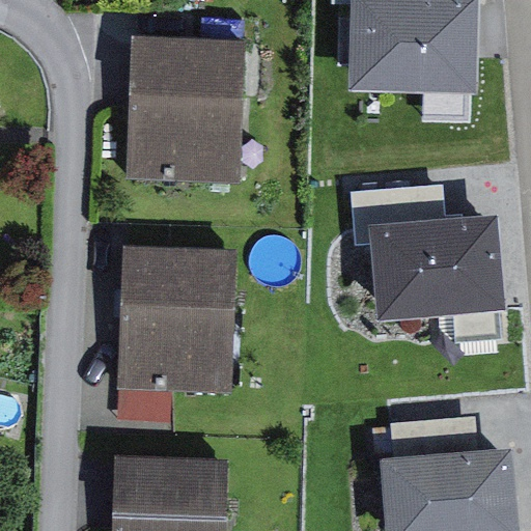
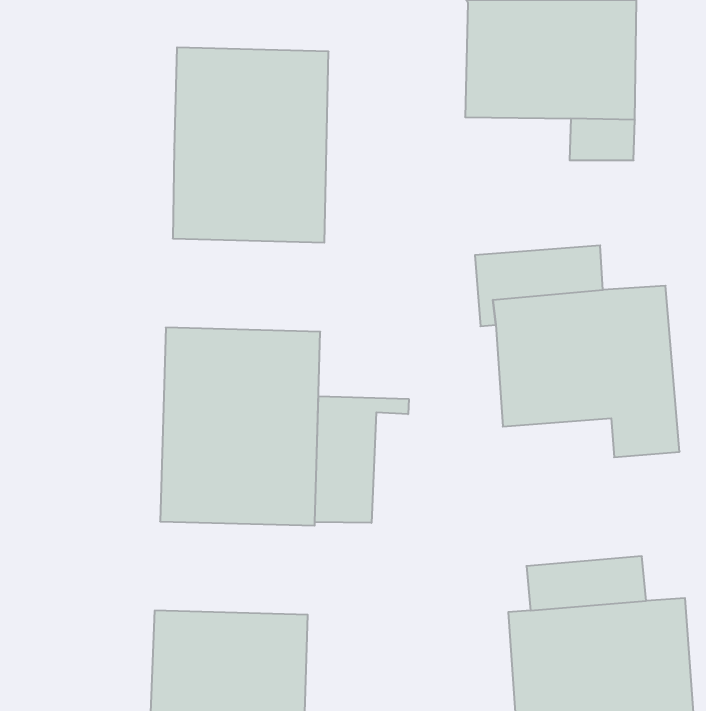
building: none -> [315,396,409,523]

